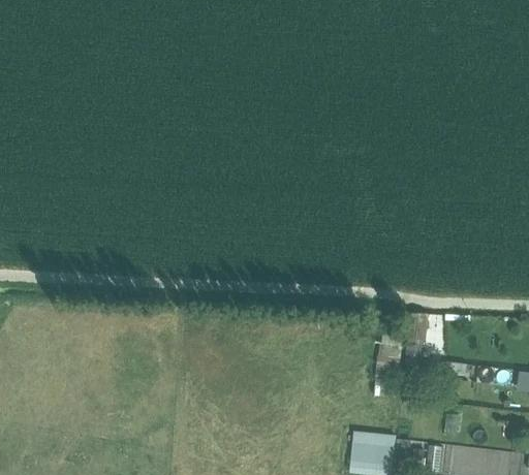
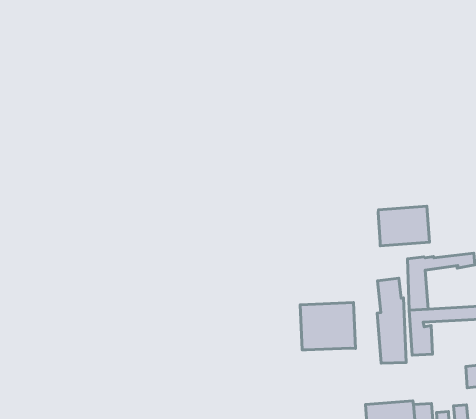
building: none -> [378,206,430,246]
building: none -> [300,302,355,350]

